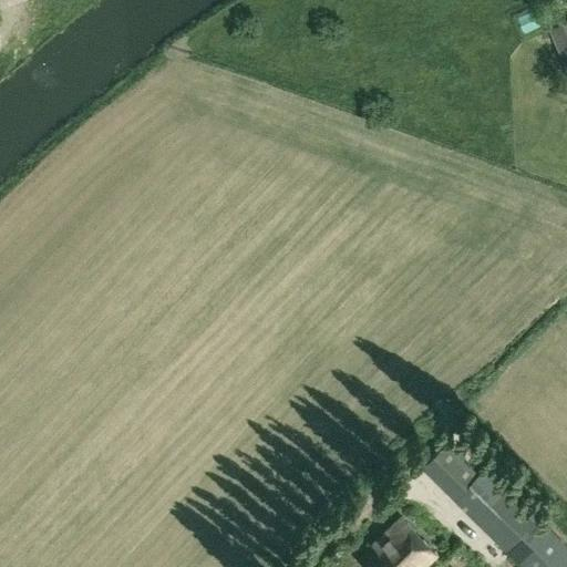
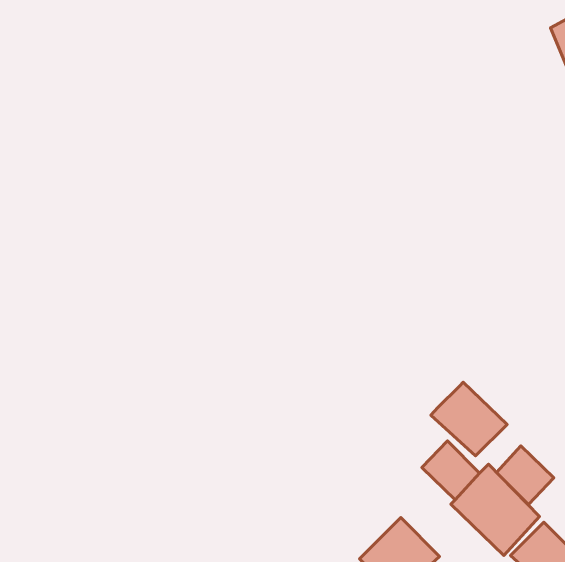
building: none -> [431,382,507,456]
building: none -> [497,446,554,504]

